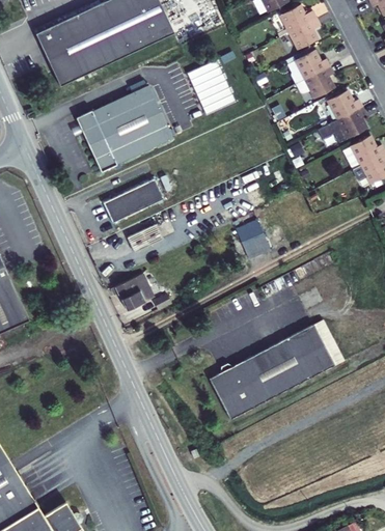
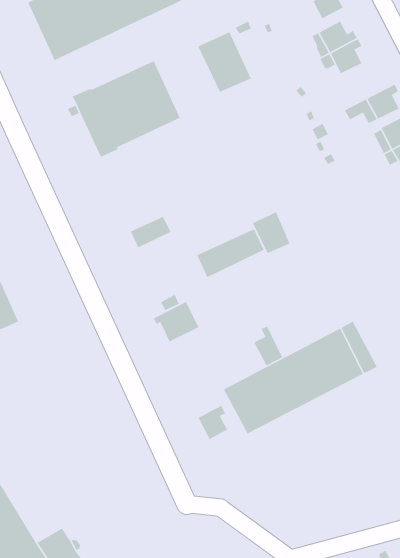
building: [327,90,363,119] -> none
building: [103,178,164,223] -> [196,228,265,278]
building: [112,273,154,310] -> [153,301,199,343]
building: none -> [253,326,283,366]
building: none -> [198,405,228,440]

